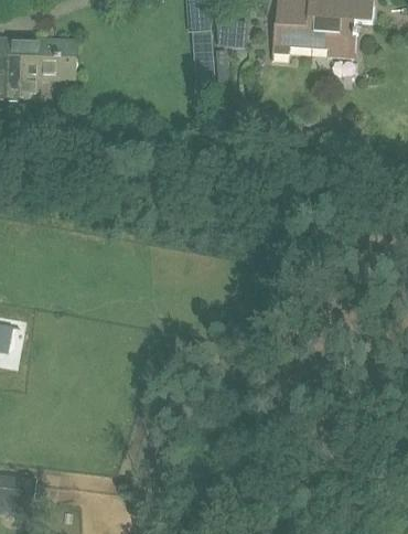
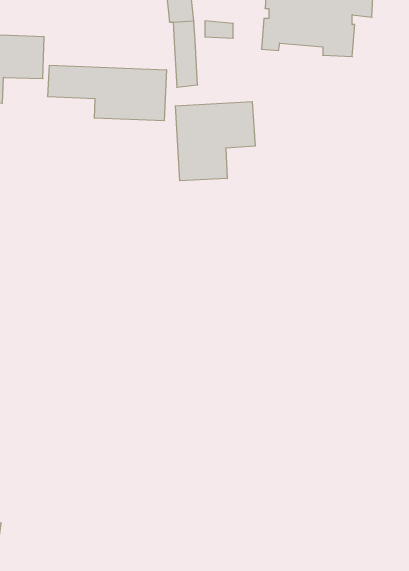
building: none -> [48,65,166,121]
building: none -> [175,102,255,181]

